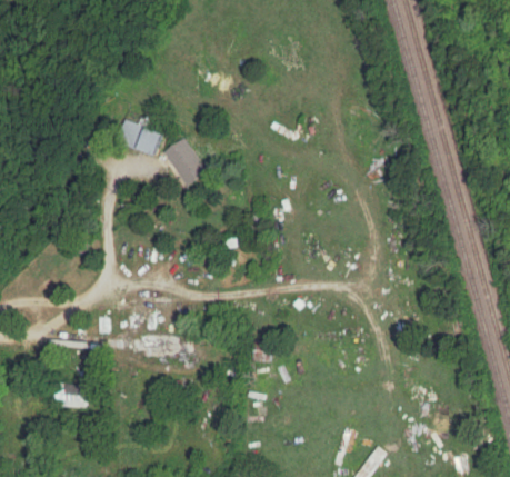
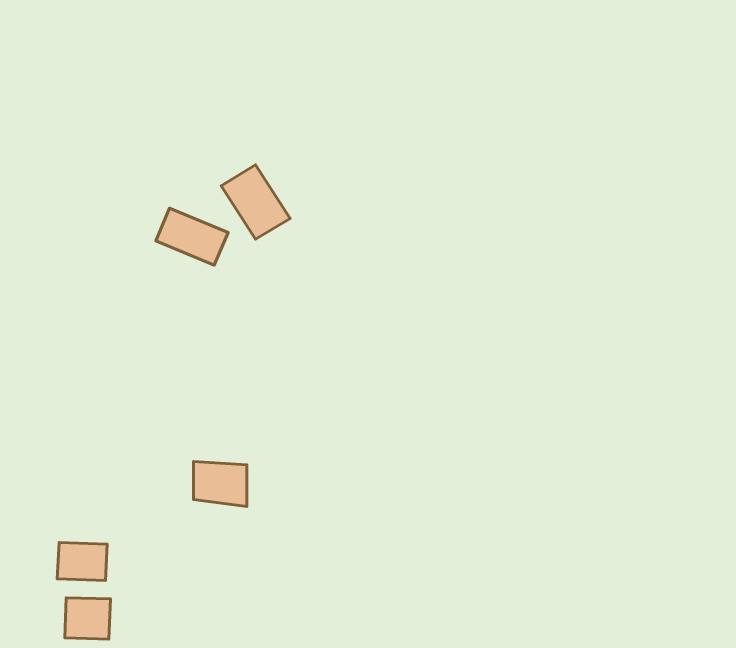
building: [118,118,164,155] -> [156,208,228,265]
building: none -> [65,598,110,639]

